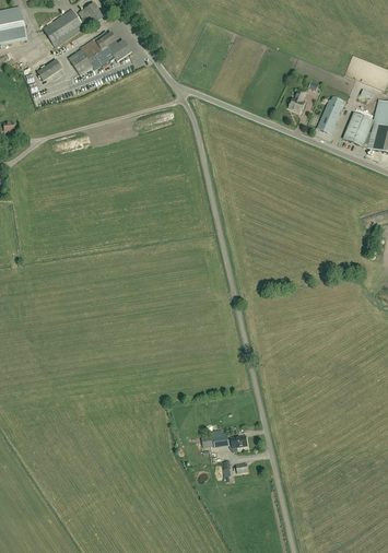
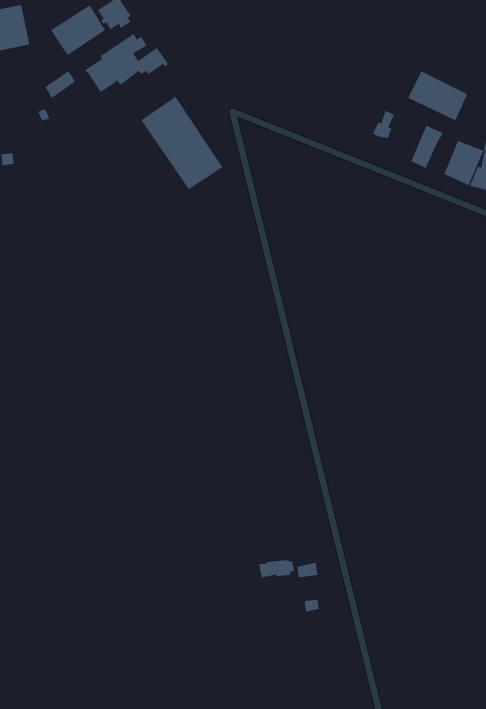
building: none -> [407,71,468,121]
building: none -> [140,96,223,190]

